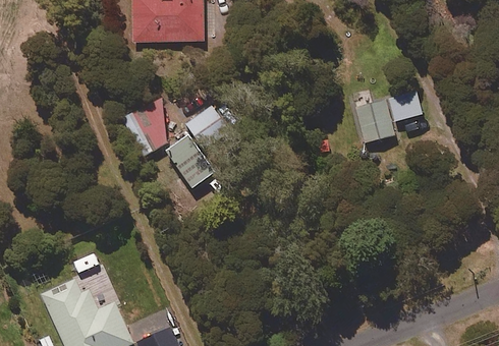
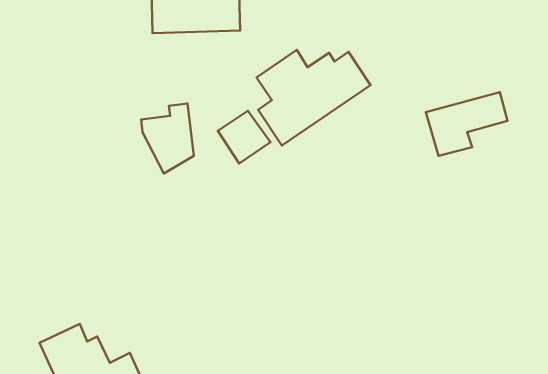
building: none -> [256,50,371,146]
building: [167,134,214,186] -> none

